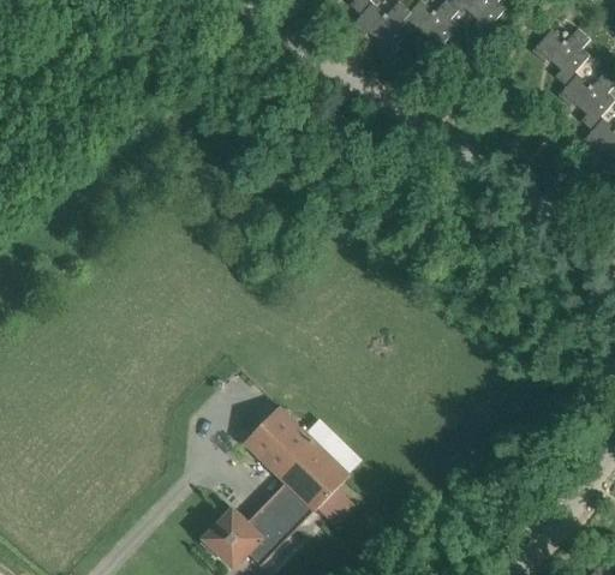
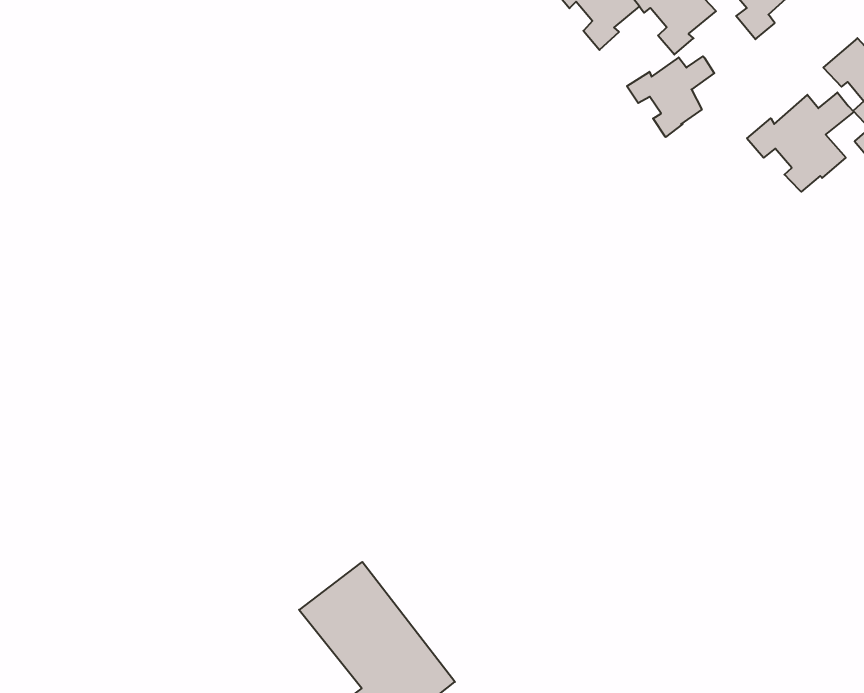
building: none -> [627,56,714,137]
building: none -> [747,92,854,192]

